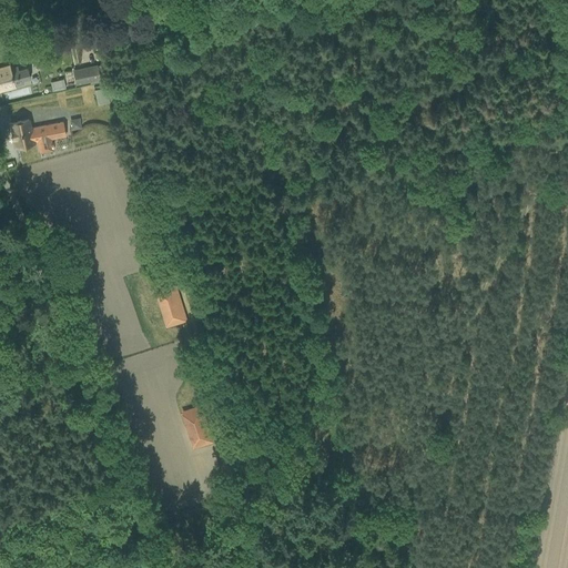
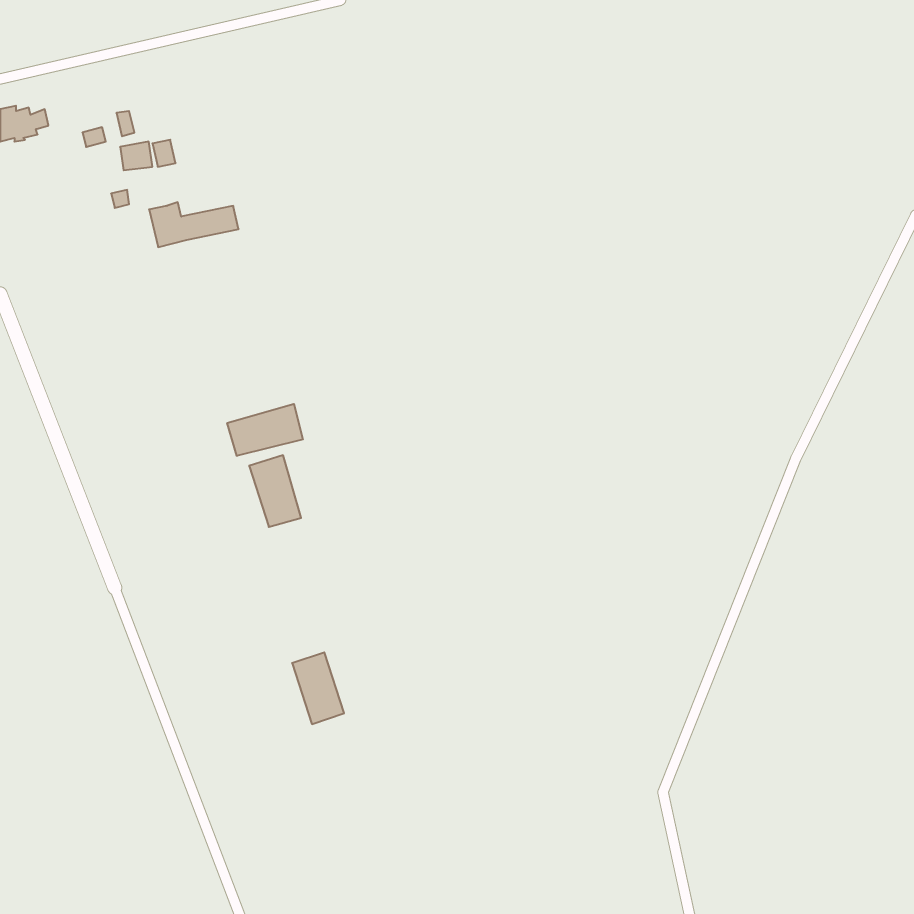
building: [11,120,67,148] -> [149,202,239,247]
building: none -> [227,404,303,456]

